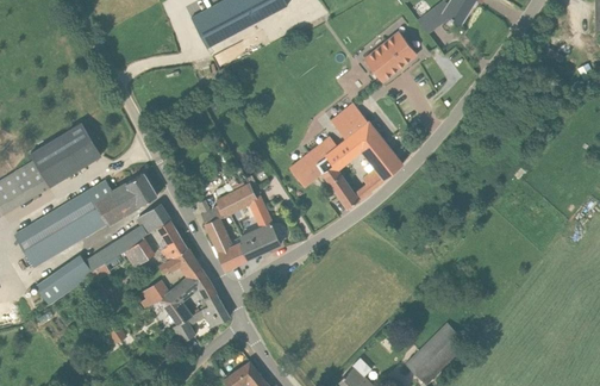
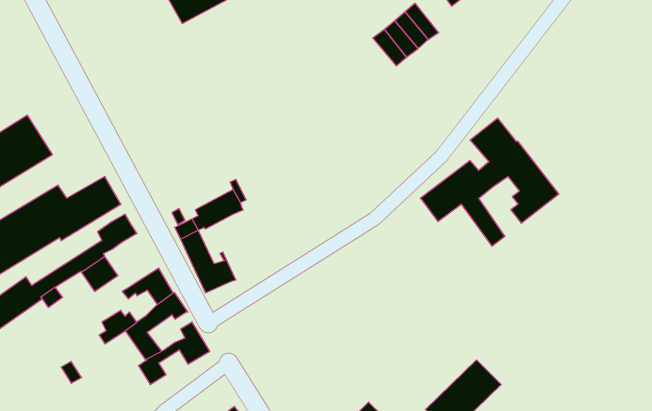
building: [289,102,402,207] -> [420,118,559,246]
building: [240,197,281,257] -> none
building: [158,219,188,263] -> none

